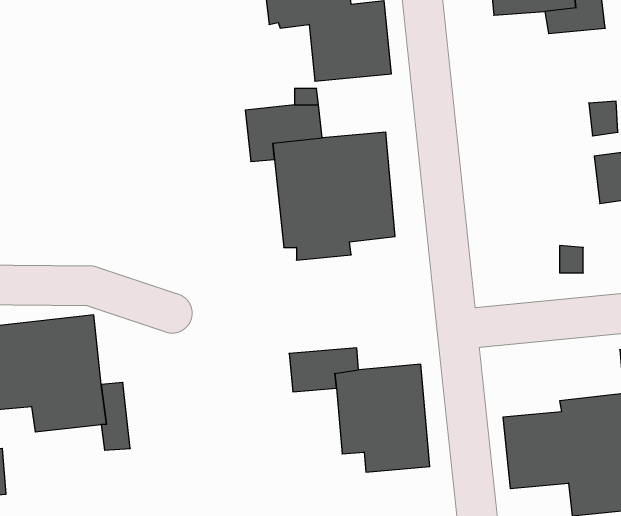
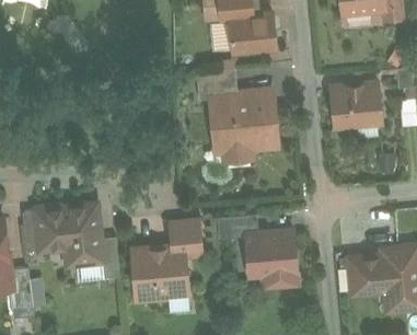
building: none -> [327,78,383,131]
building: none -> [128,219,205,303]

